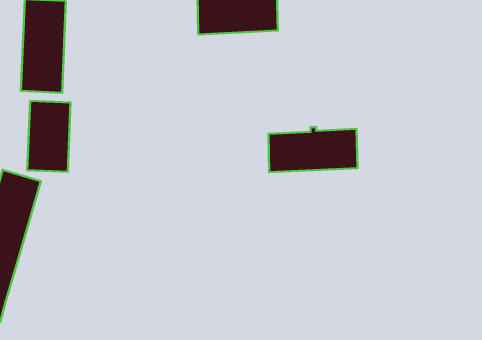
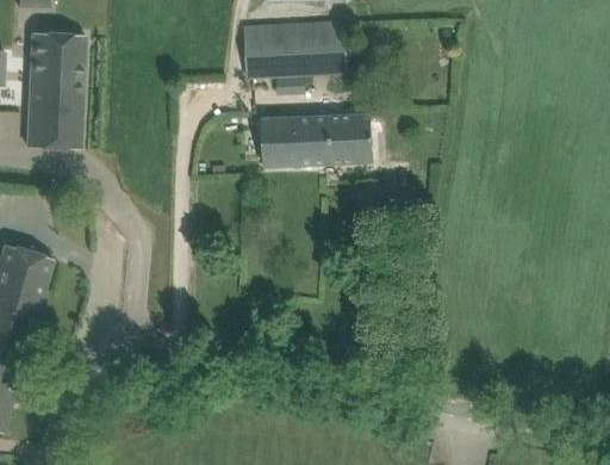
building: [27,101,71,172] -> none
building: [268,127,358,172] -> [261,111,372,167]

